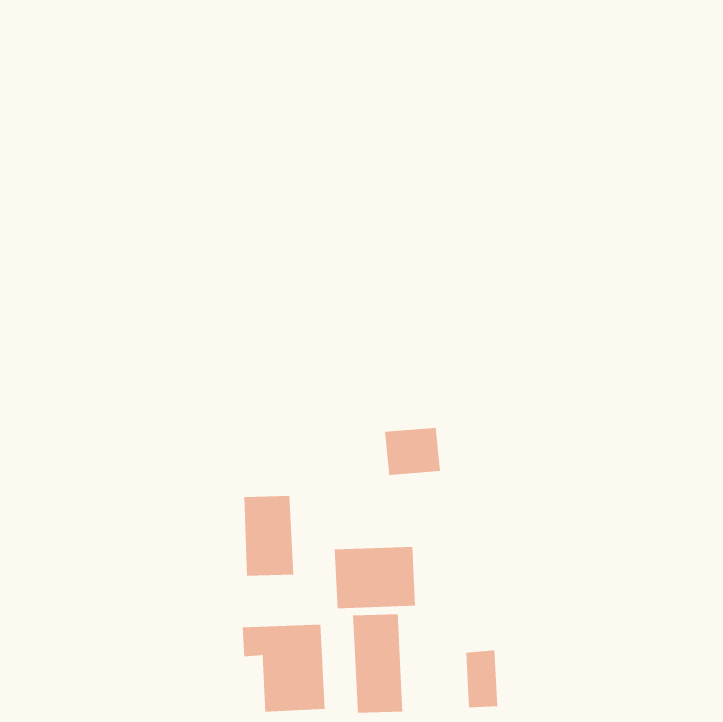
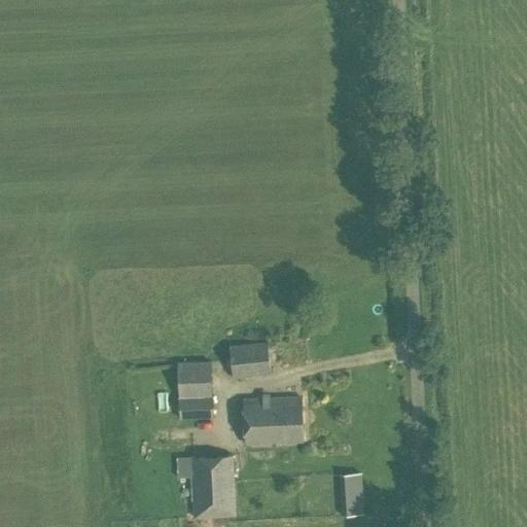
building: [384,427,441,476] -> [230,343,271,378]
building: [353,613,403,714] -> none

